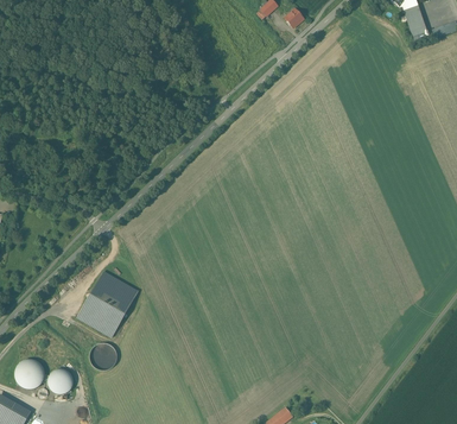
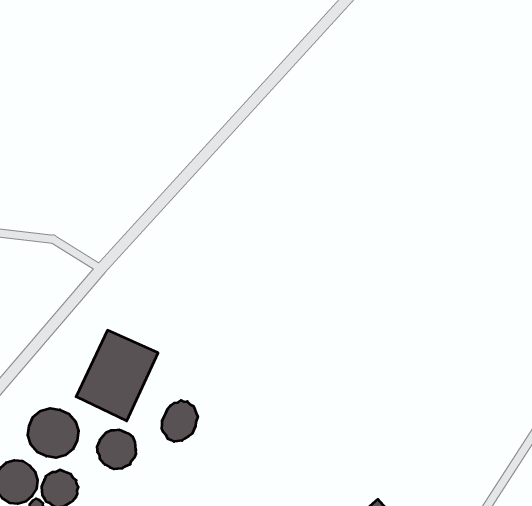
building: none -> [28,408,78,458]
building: none -> [162,400,198,442]

